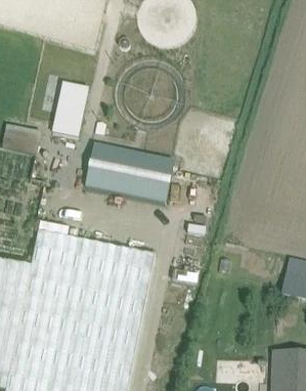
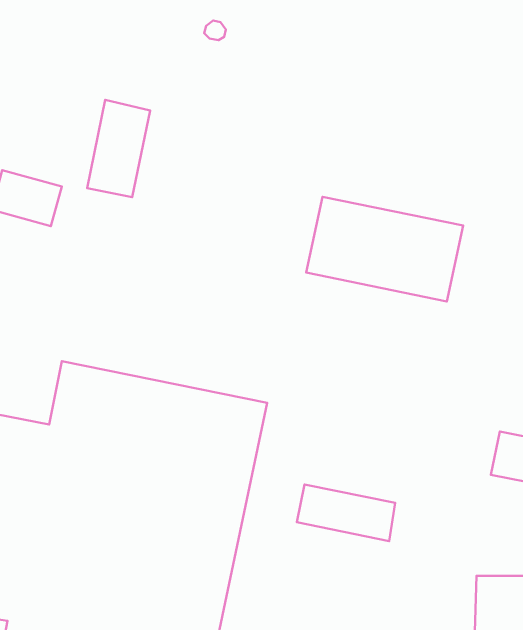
building: [86,142,175,202] -> [306,197,463,301]
building: none -> [297,485,395,541]

